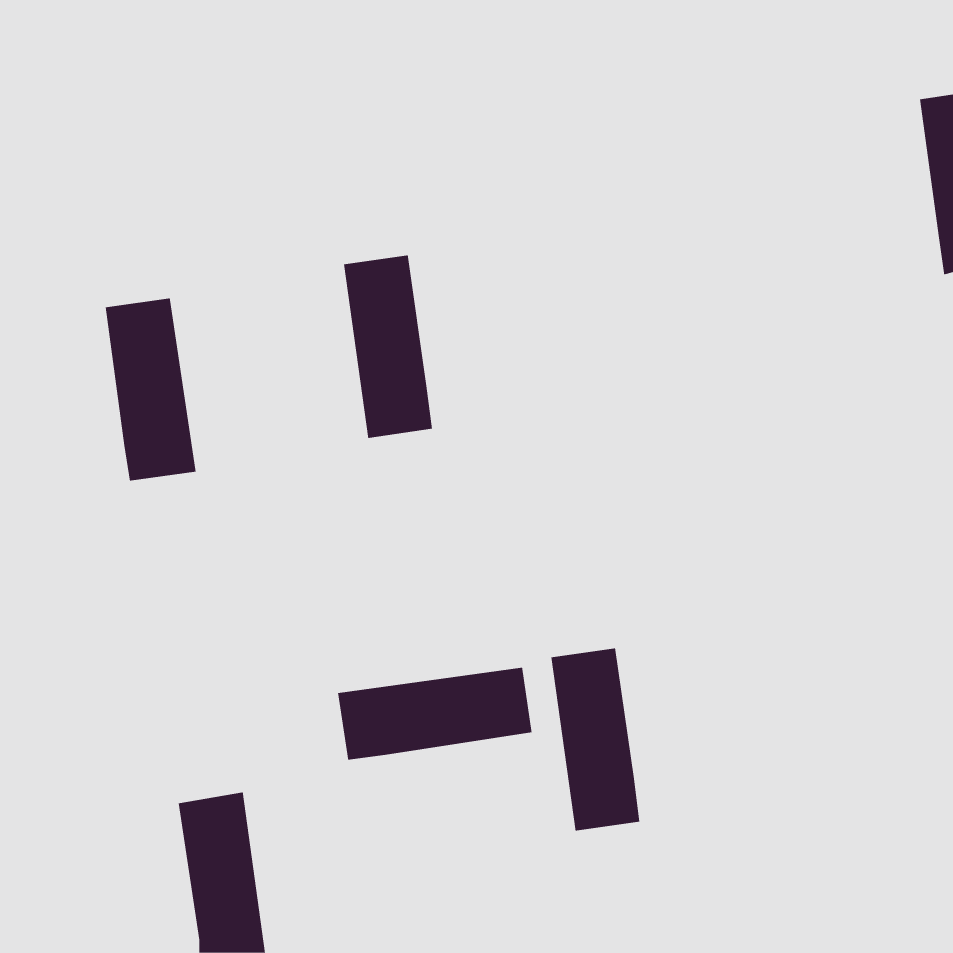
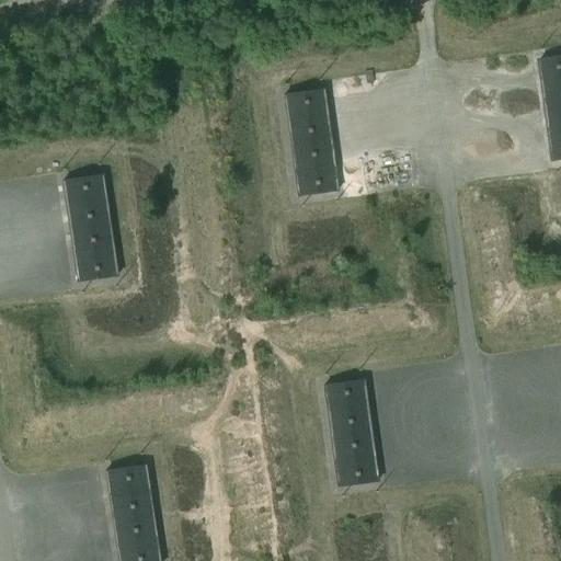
building: [343,255,433,438] -> [285,89,337,196]
building: [337,667,532,761] -> none

